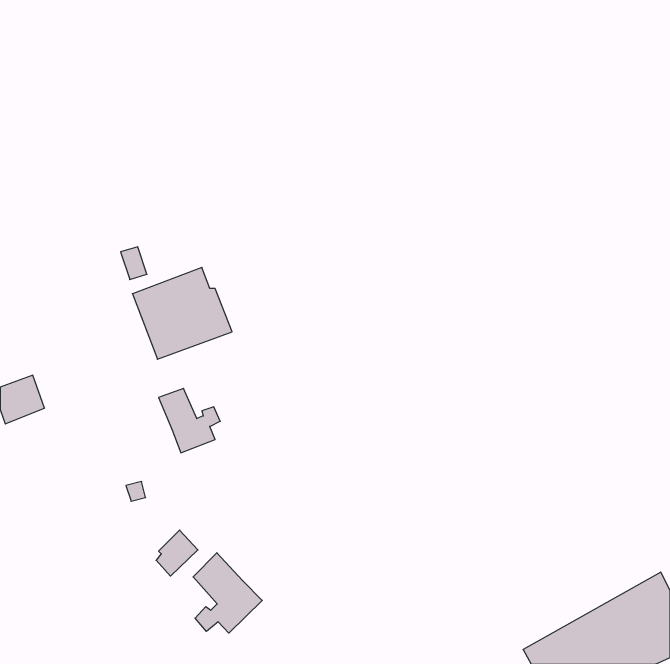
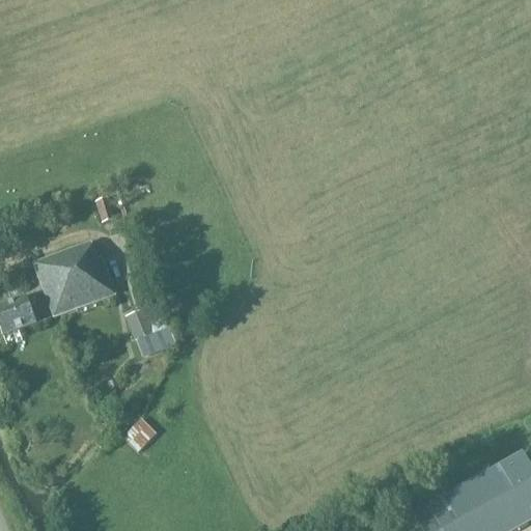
building: [132,267,232,359] -> [36,243,115,315]
building: [193,553,262,633] -> none

